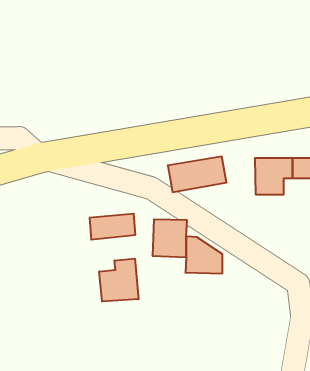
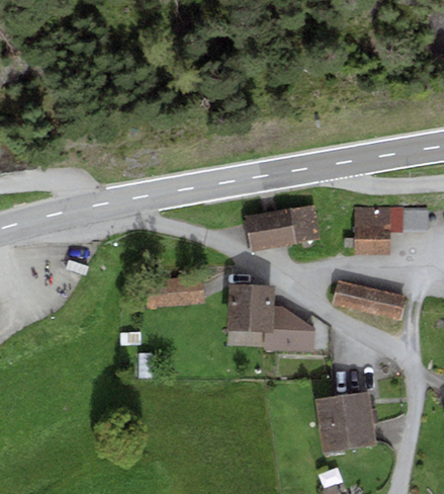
building: none -> [335,280,406,318]
building: [99,259,139,302] -> none
building: none -> [316,393,377,452]

